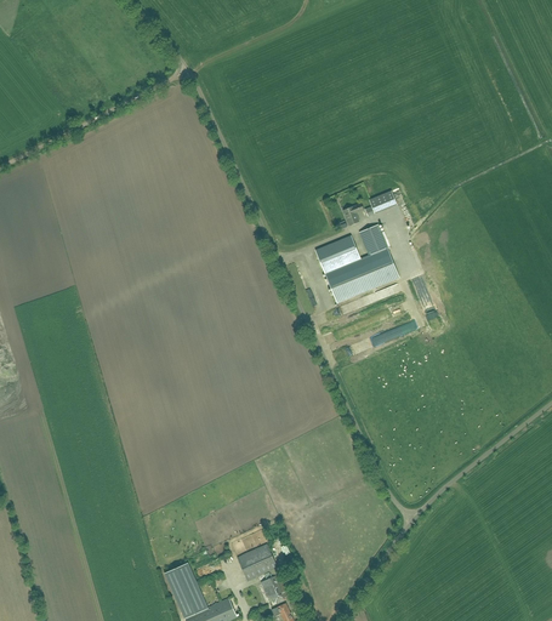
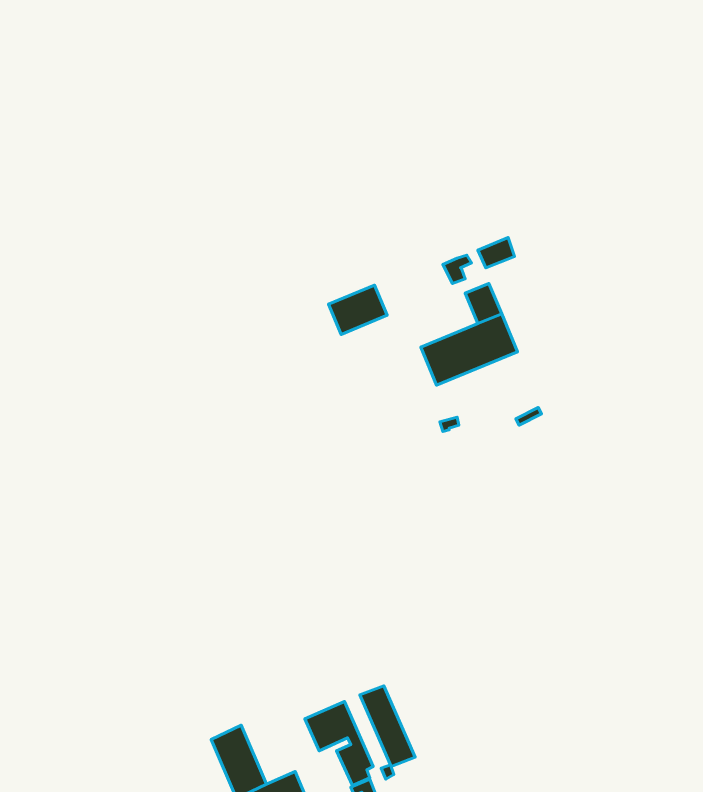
building: [315,237,360,274] -> [329,285,387,334]
building: none -> [360,686,415,766]

